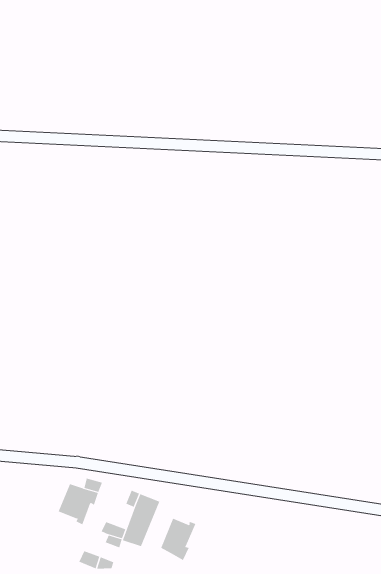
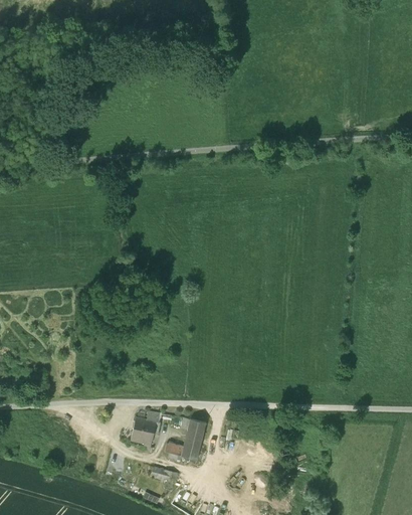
building: [160,518,196,561] -> none

